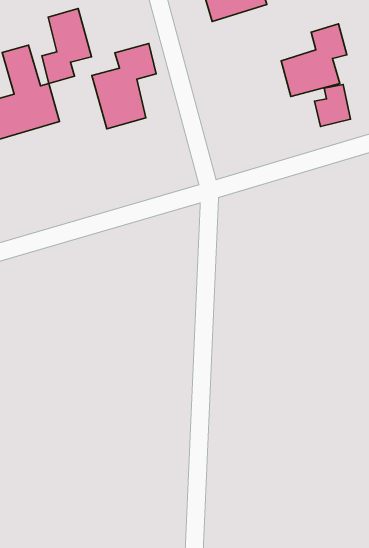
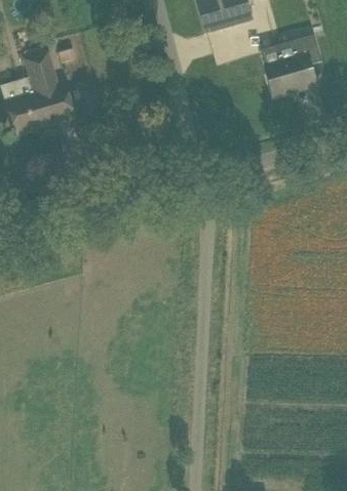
building: [42,9,92,83] -> none
building: [92,43,156,129] -> none

